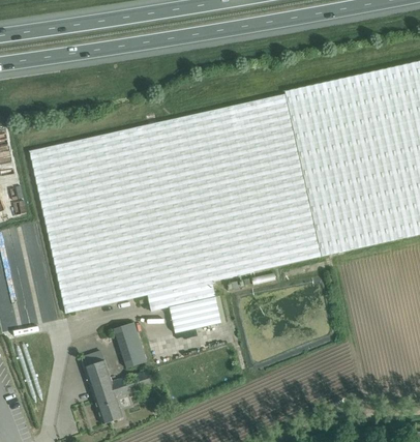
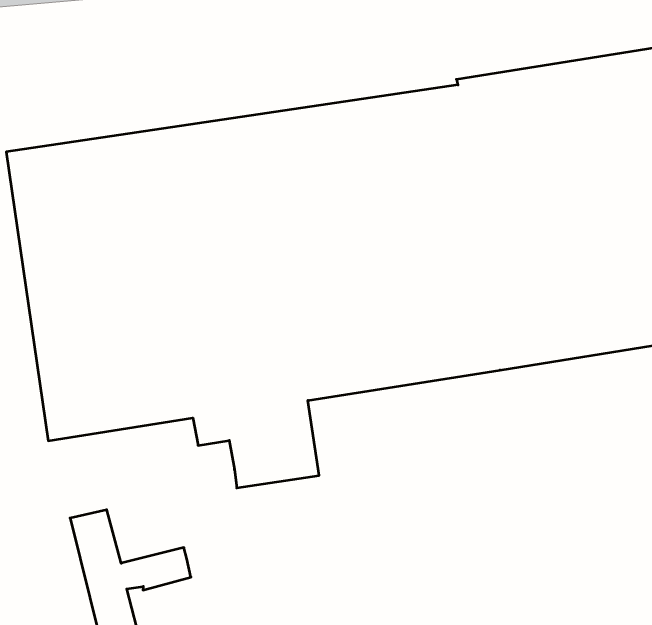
building: [113,322,147,367] -> none

